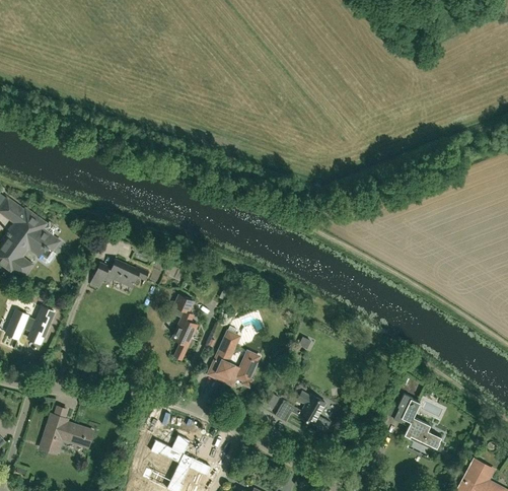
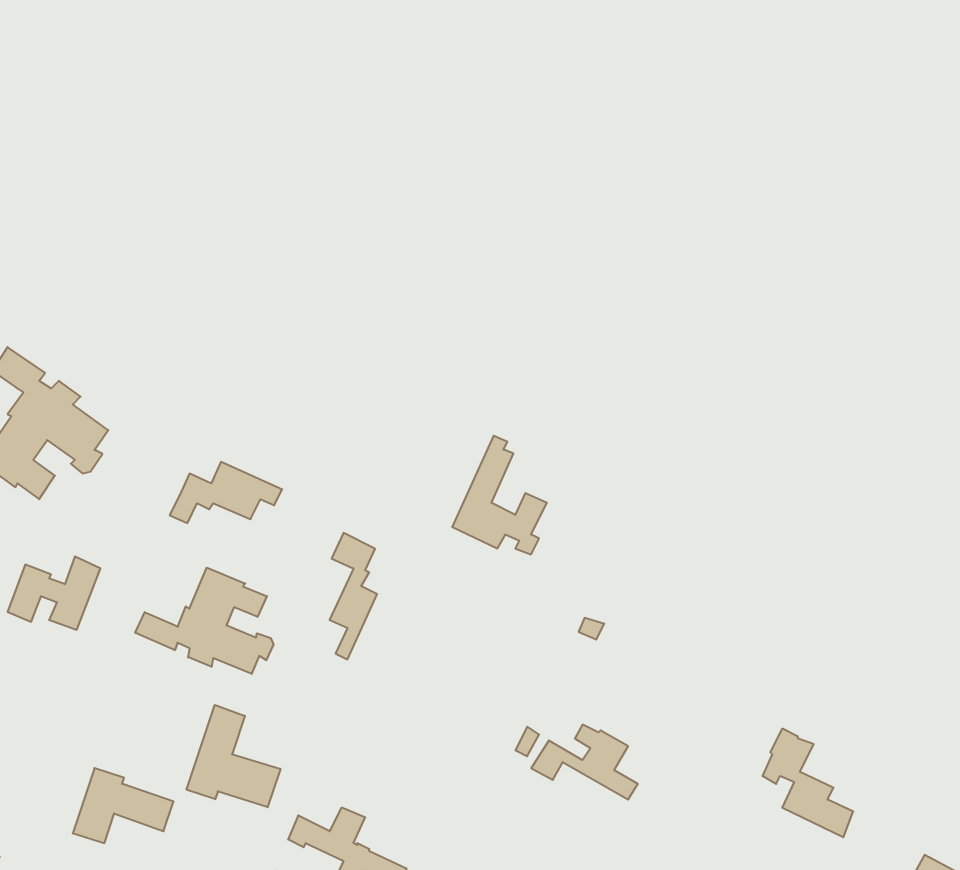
building: none -> [135,568,273,674]
building: [208,327,257,388] -> [452,436,547,554]
building: none -> [187,705,280,807]

